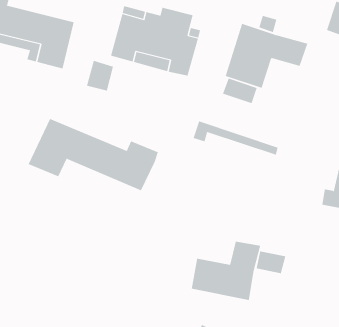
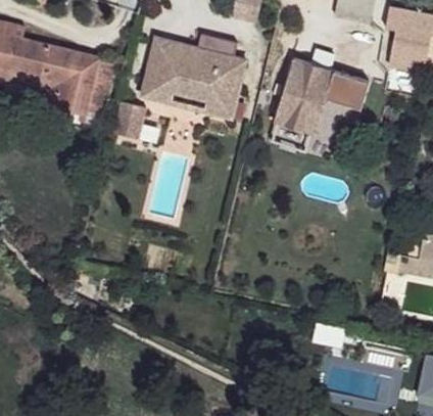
building: [28,118,159,191] -> none
building: [193,120,278,156] -> none
building: [191,241,261,301] -> none

